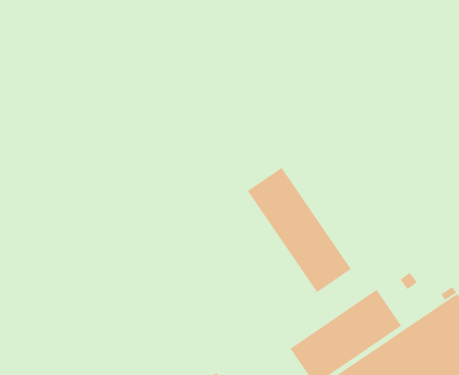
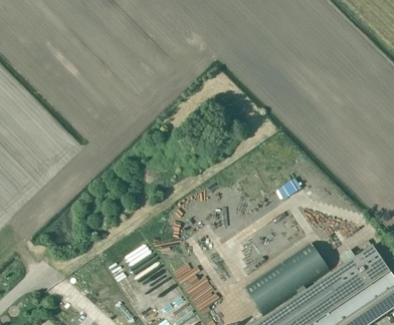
building: [247,167,352,293] -> none

